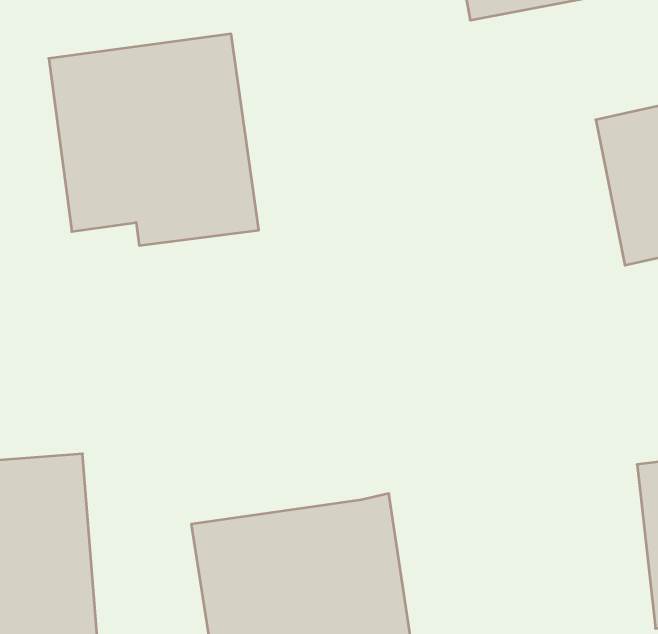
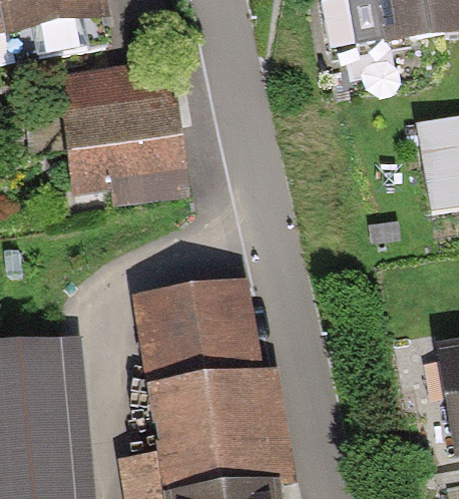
building: none -> [134,282,259,384]

